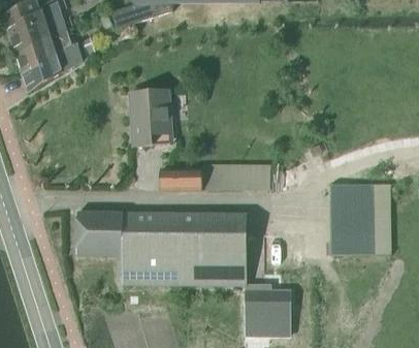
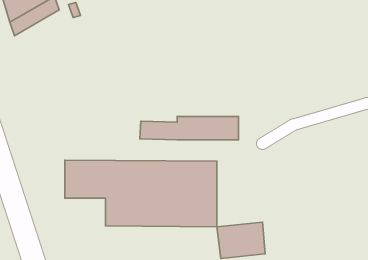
building: [21,42,82,91] -> none
building: [130,90,172,144] -> none
building: [330,183,390,255] -> none

